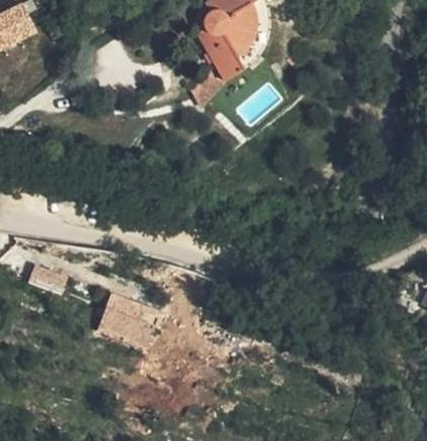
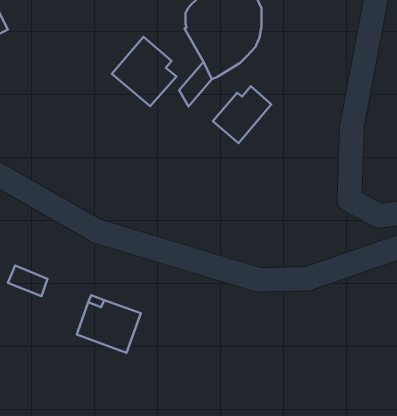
building: none -> [112,37,176,106]
building: none -> [213,86,271,143]

